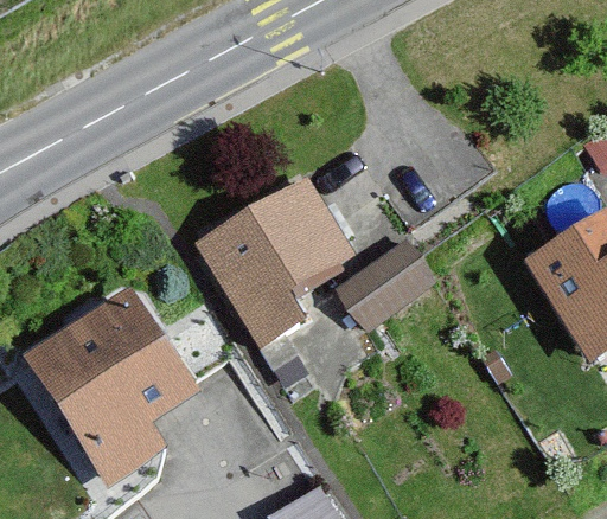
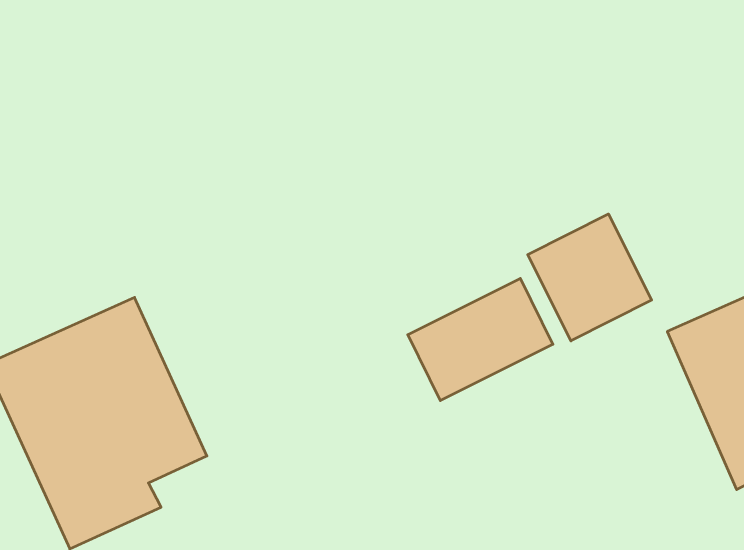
building: [191,172,352,348] -> none
building: none -> [528,214,652,341]

